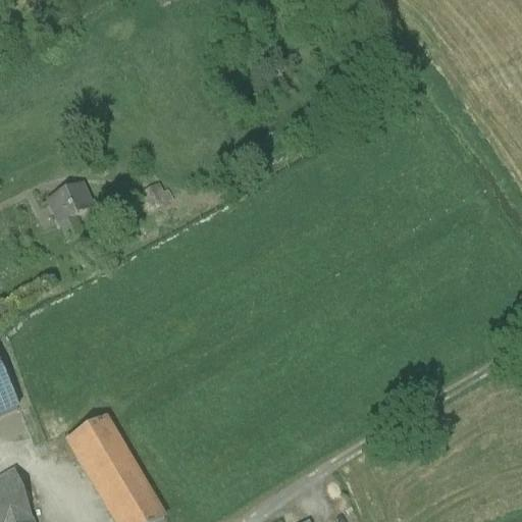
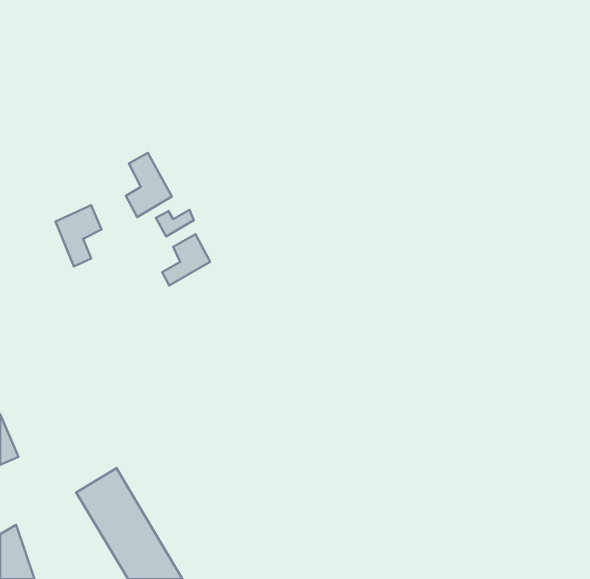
building: none -> [126,153,172,217]
building: none -> [162,234,210,286]

